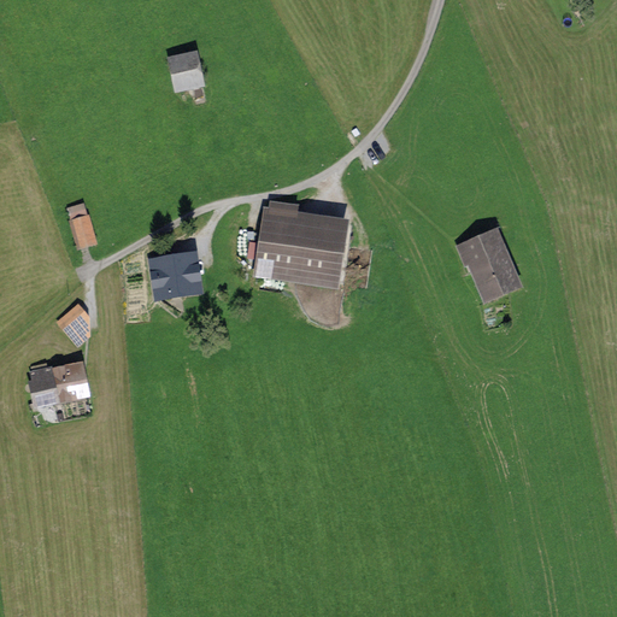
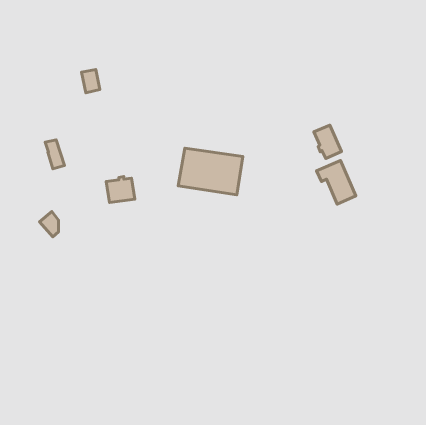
building: [170,51,196,84] -> [82,70,100,93]
building: none -> [314,125,342,158]
building: [30,362,81,400] -> none

